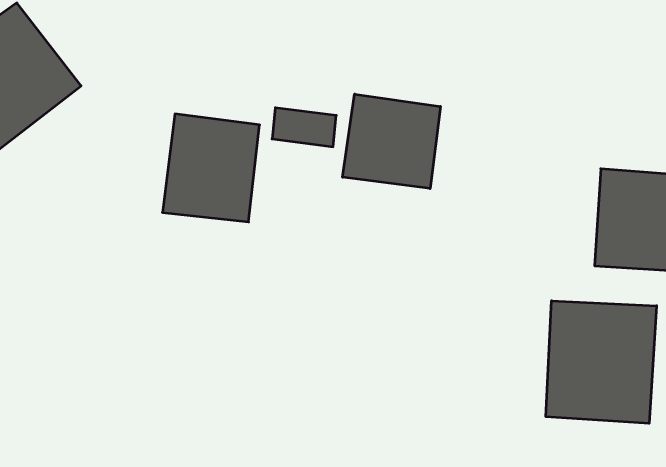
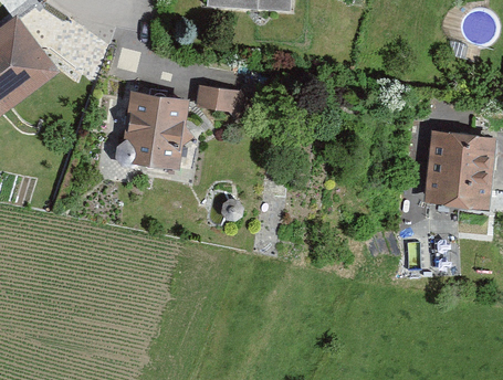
building: [343,94,440,189] -> none
building: [546,301,657,423] -> none

